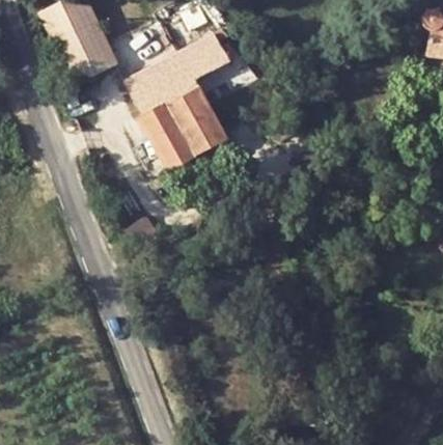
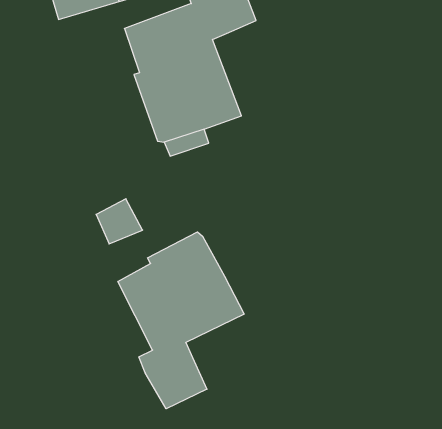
building: none -> [118,232,244,409]

